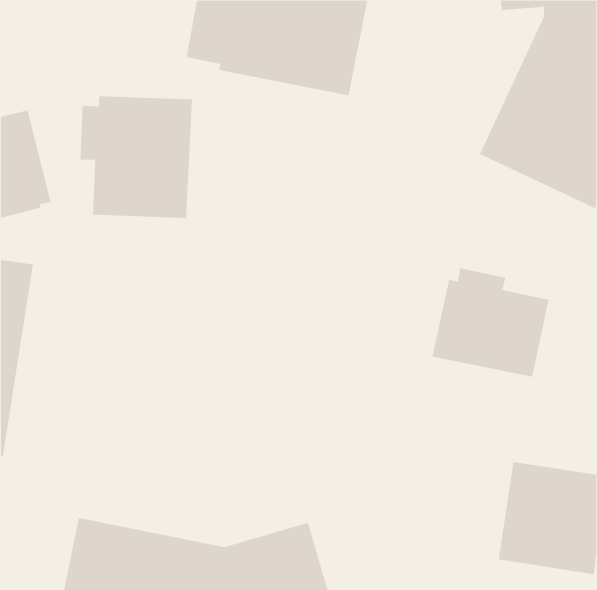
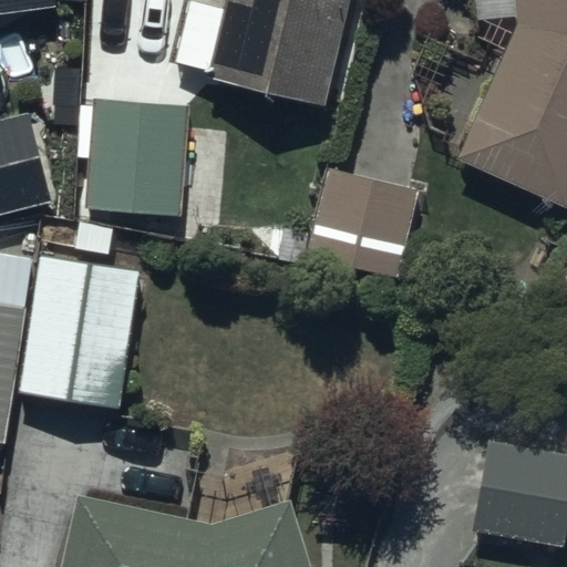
building: none -> [316,172,417,276]
building: none -> [19,252,136,403]
building: [432,267,549,378] -> none

